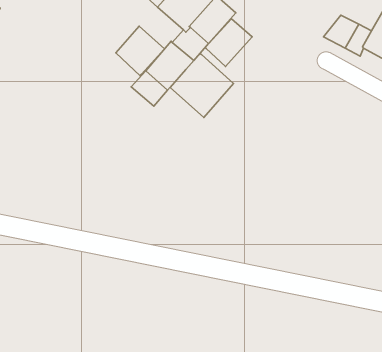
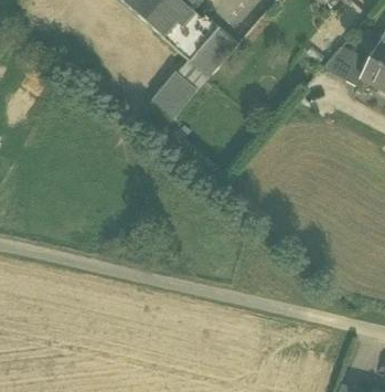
building: [205,19,252,67] -> none
building: [116,26,165,76] -> none
building: [170,54,233,117] -> none

